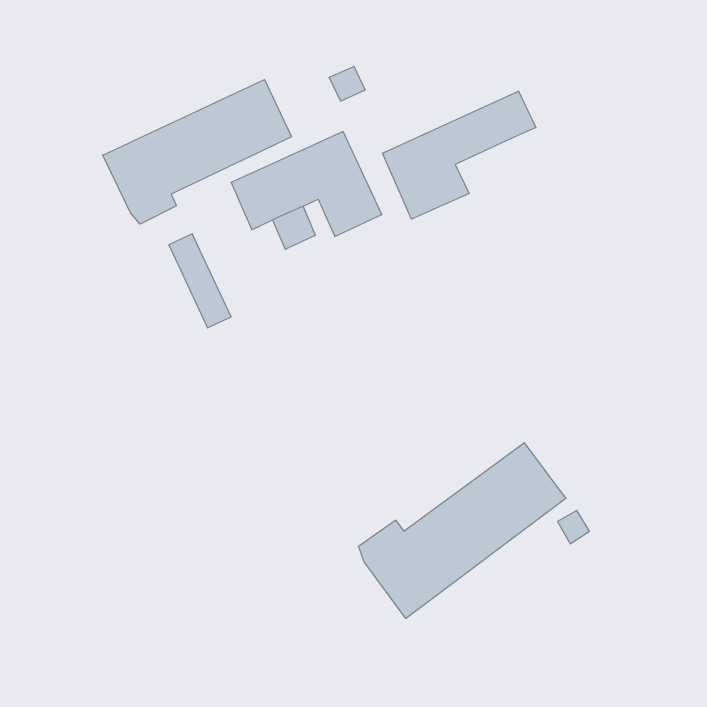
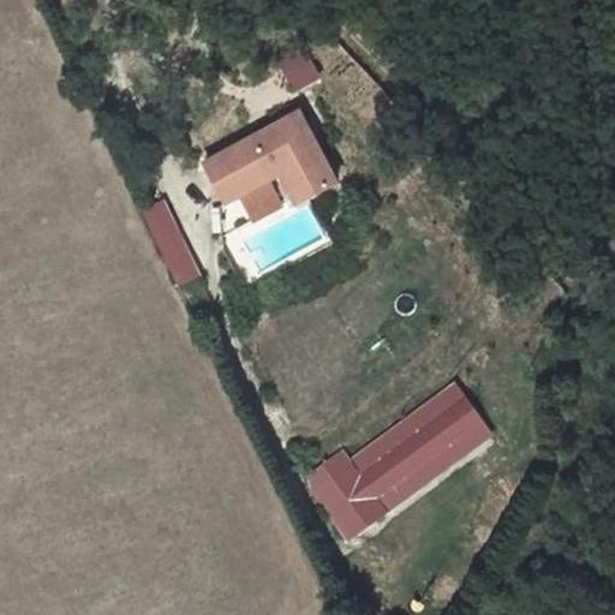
building: [103,79,291,224] -> none
building: [382,91,536,219] -> none

